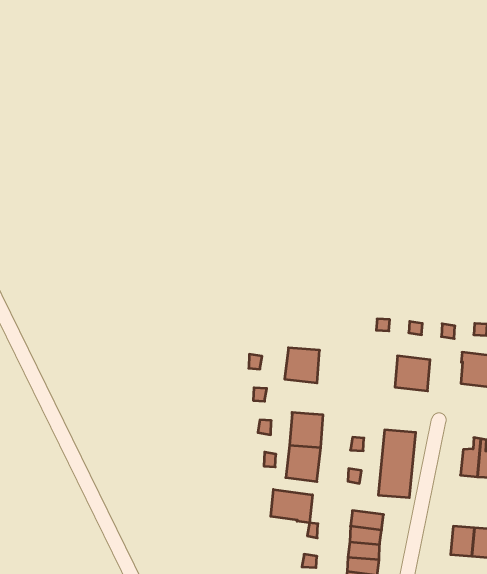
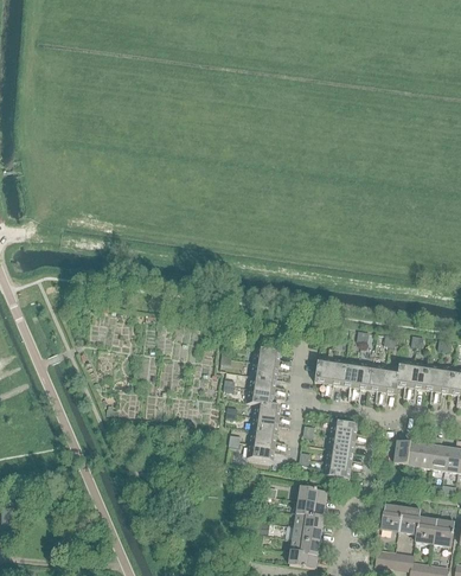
building: none -> [315,356,346,385]
building: none -> [370,364,401,393]
building: none -> [246,373,277,404]
building: [271,489,312,523] -> none

